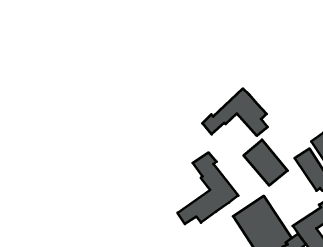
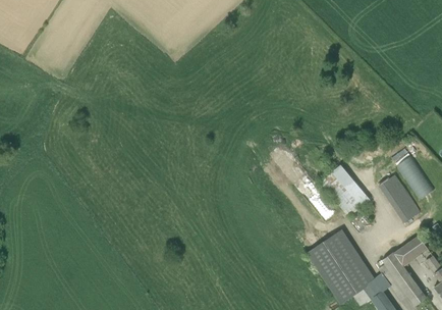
building: [202,89,268,136] -> none
building: [178,153,238,224] -> none

